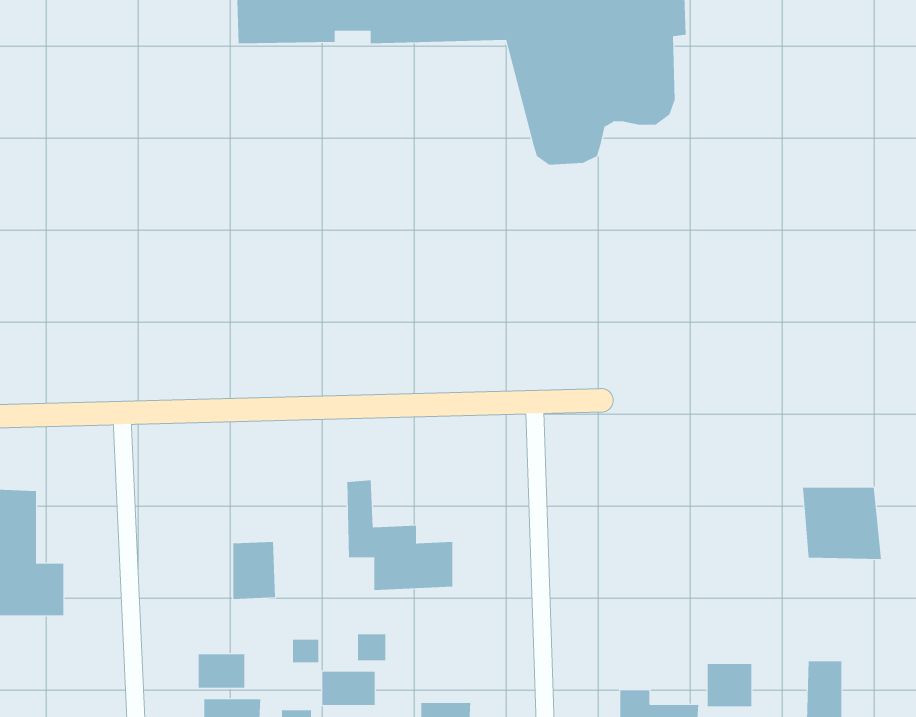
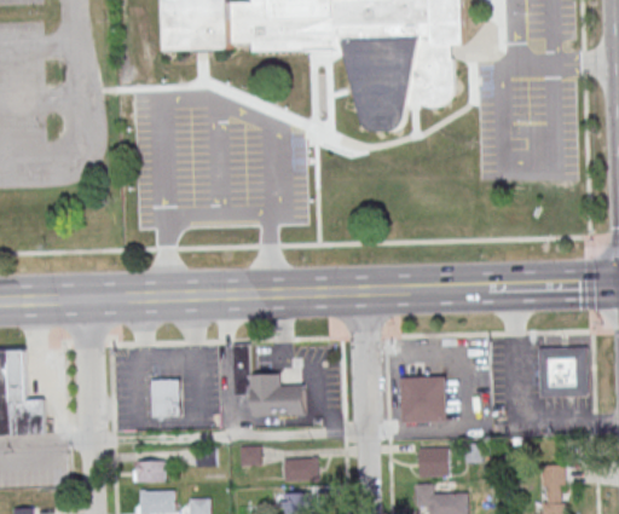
building: none -> [400,377,445,423]
building: [707,663,752,707] -> [418,447,449,477]
building: [321,671,376,706] -> [282,458,318,481]

